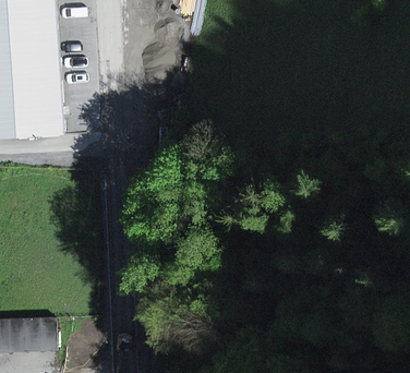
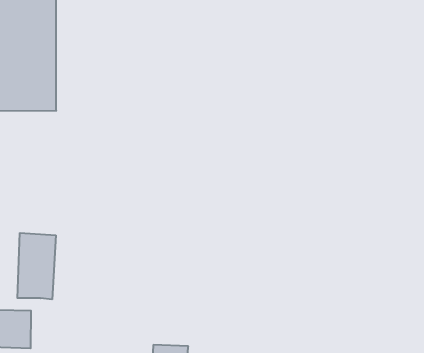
building: none -> [17,233,56,299]

